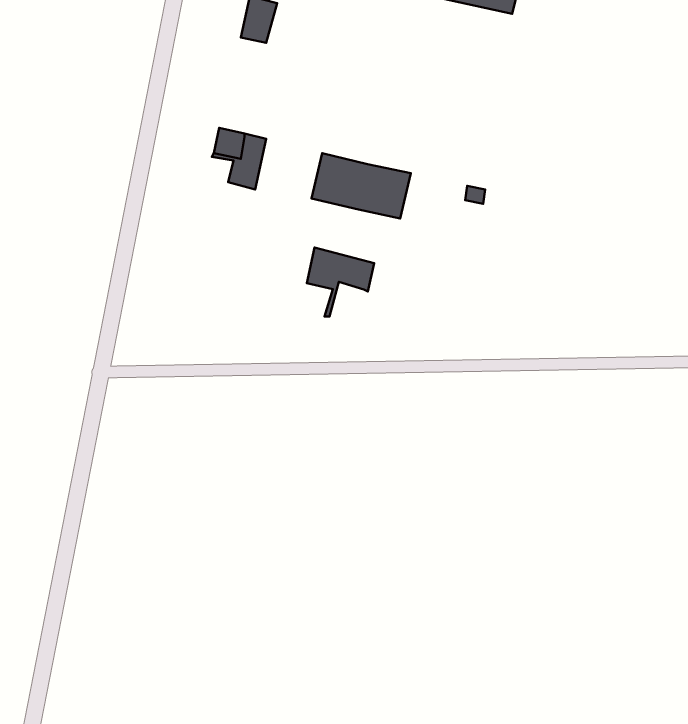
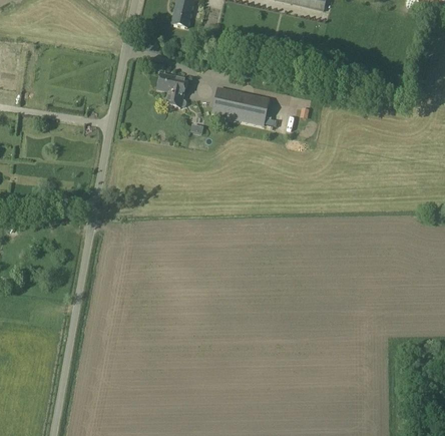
building: [307,248,374,316] -> none

